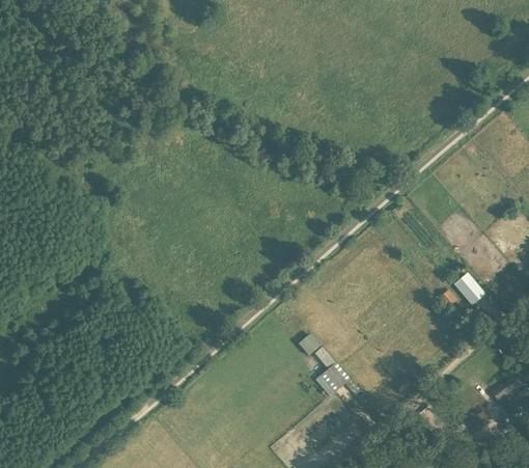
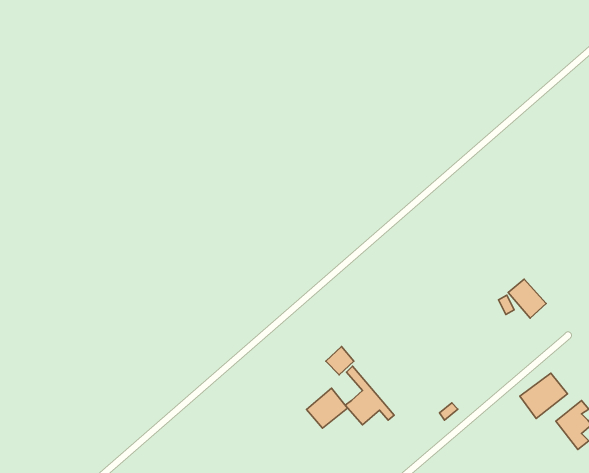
building: none -> [520,373,567,418]
building: none -> [306,388,347,428]

